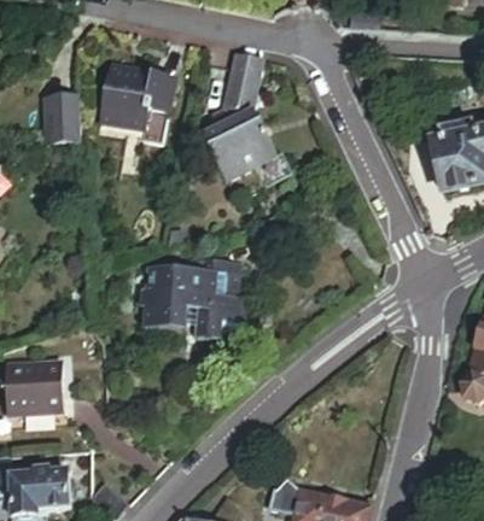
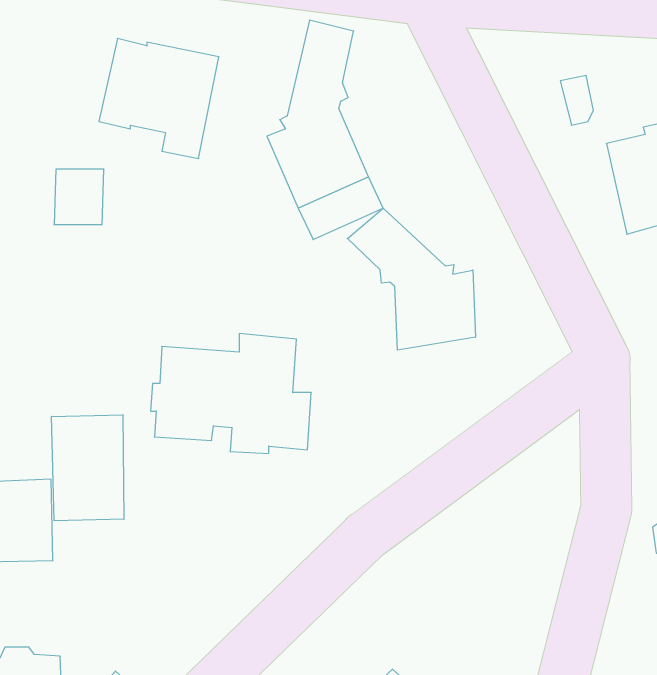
building: [49,86,82,122] -> [54,169,104,225]
building: none -> [347,208,475,350]
building: none -> [52,415,124,521]

